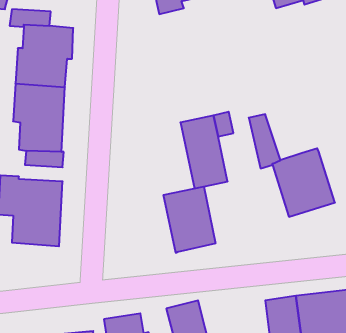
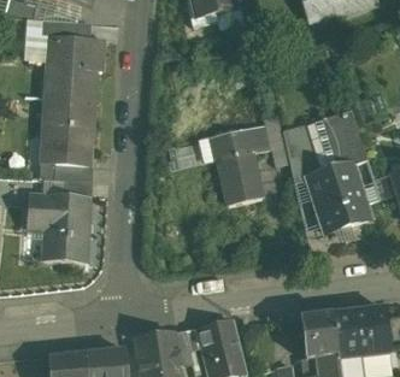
building: none -> [322,108,367,166]
building: [164,187,215,253] -> none

